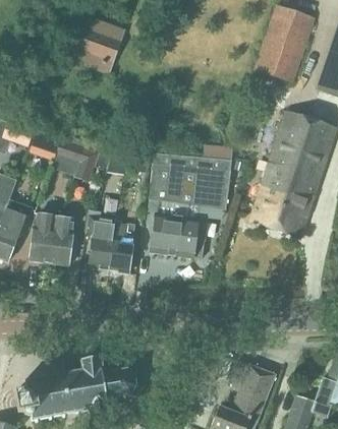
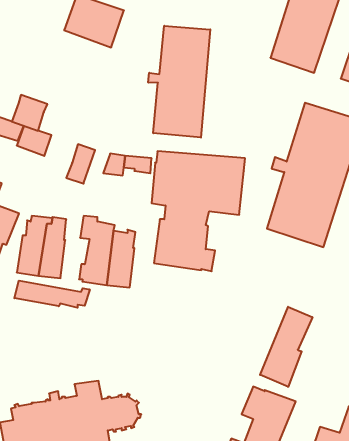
building: none -> [148,26,210,138]
building: [55,131,87,163] -> [12,95,47,131]
building: none -> [14,281,90,308]
building: none -> [260,307,312,387]

